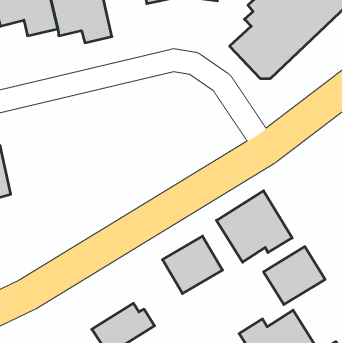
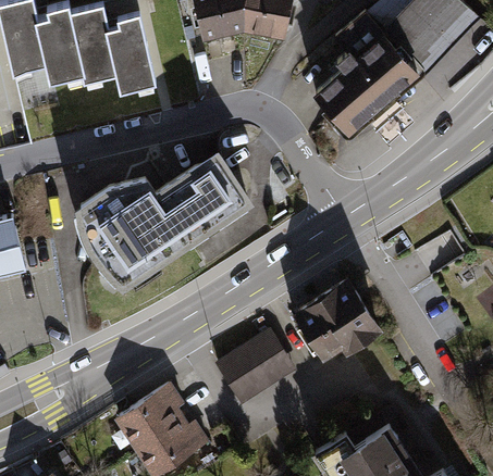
building: none -> [77,149,259,291]
building: [264,247,325,305] -> none
building: none -> [113,380,186,448]

